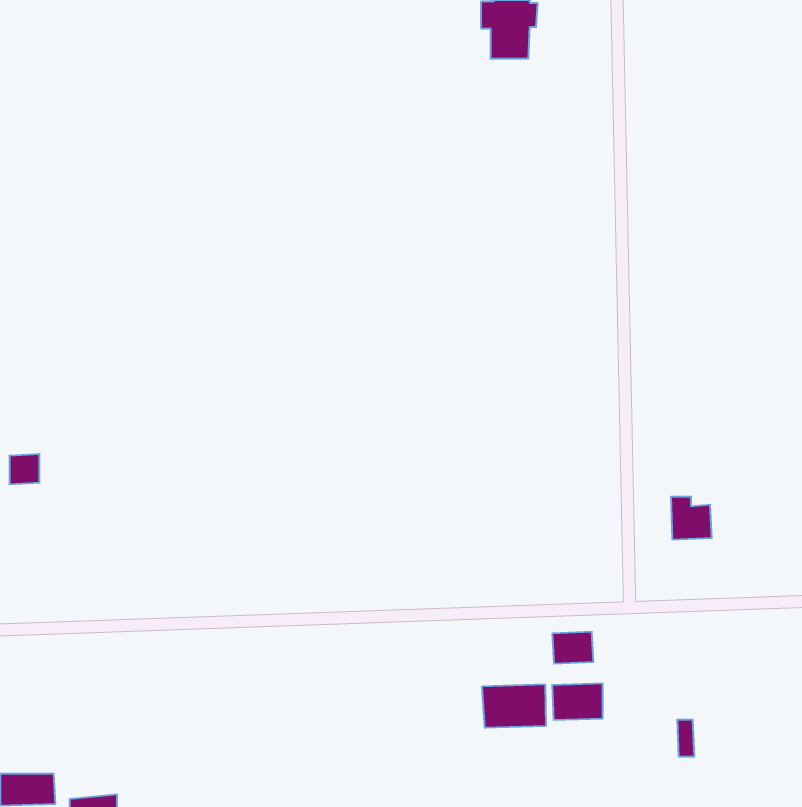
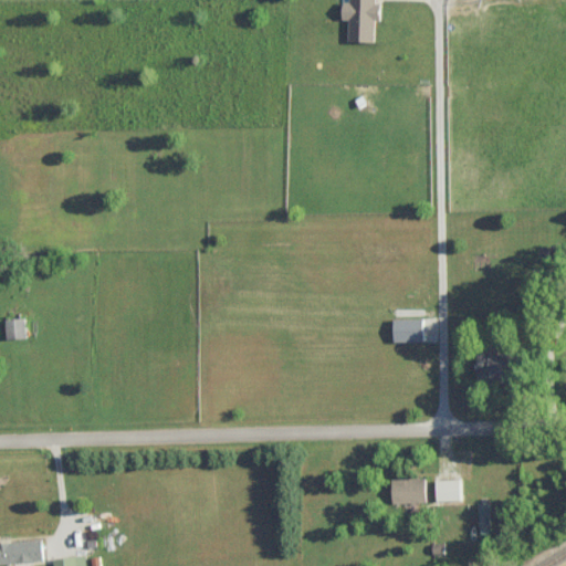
building: none -> [391,319,422,343]
building: [552,632,593,664] -> [434,480,463,502]
building: [482,684,546,728] -> none

